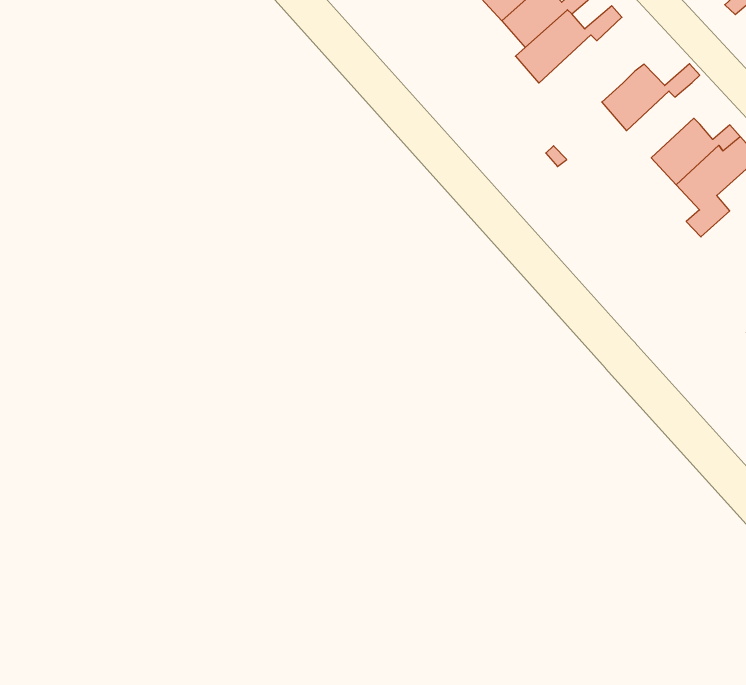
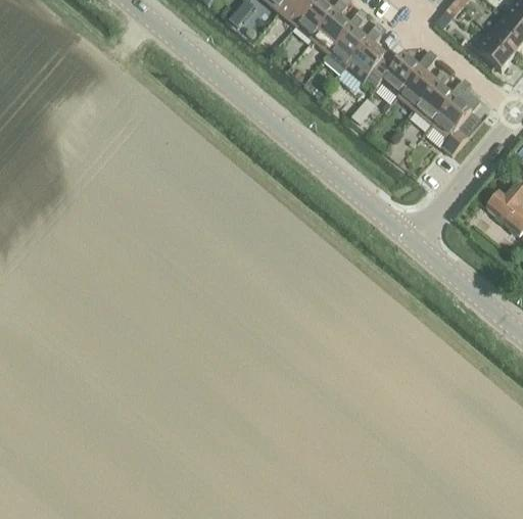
building: none -> [346,41,398,87]
building: none -> [398,68,450,110]

